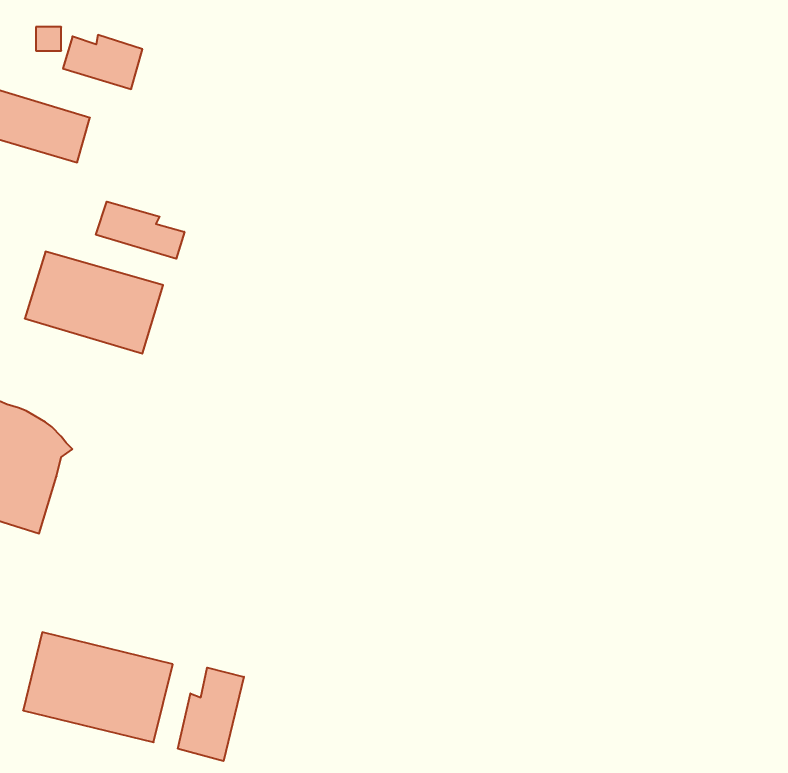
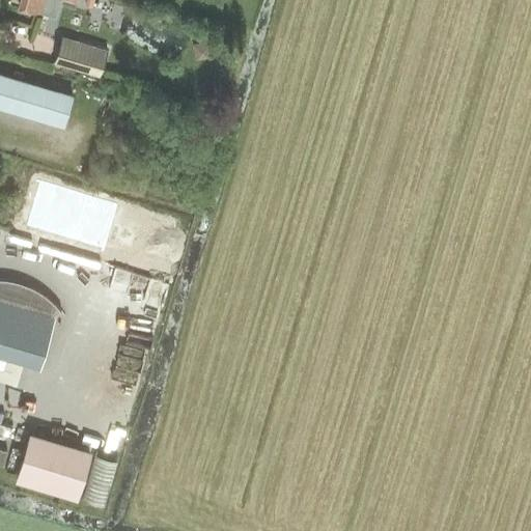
building: [96,202,184,259] -> none
building: [178,668,244,761] -> none

